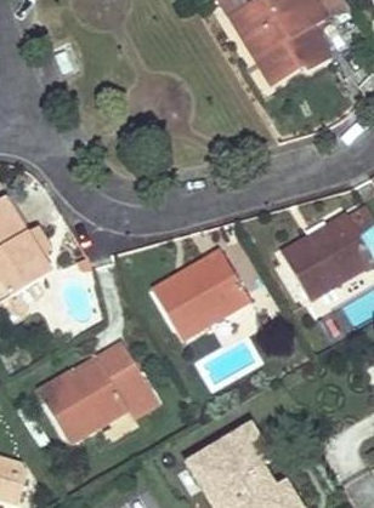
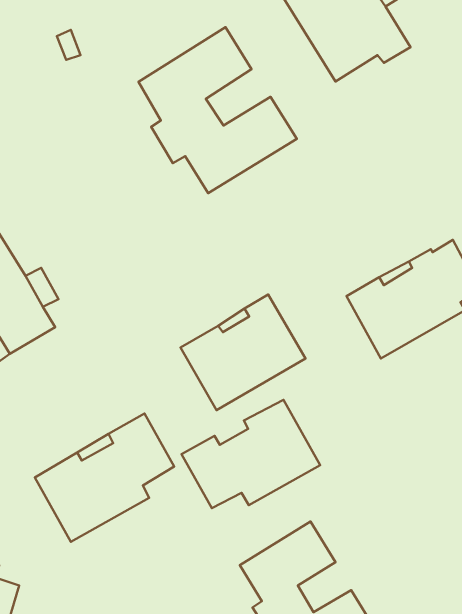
building: none -> [139,27,297,193]
building: none -> [182,400,320,508]

